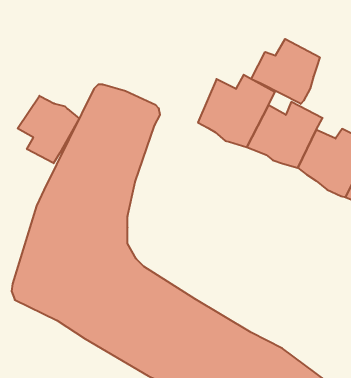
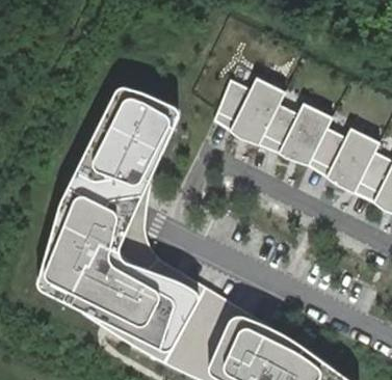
building: [251,39,320,104] -> none
building: [18,96,79,163] -> none

